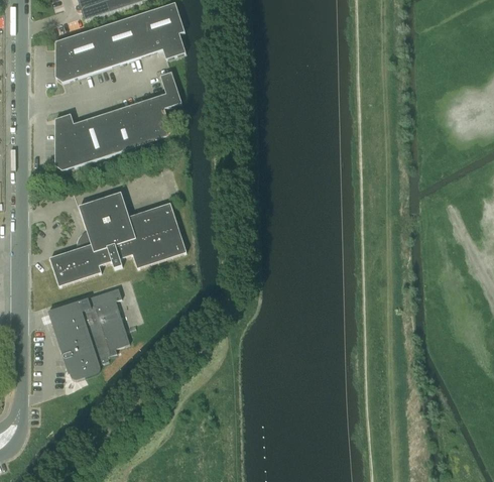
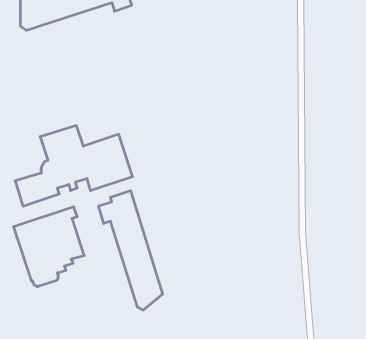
building: [55,71,181,169] -> none
building: none -> [99,191,163,310]

